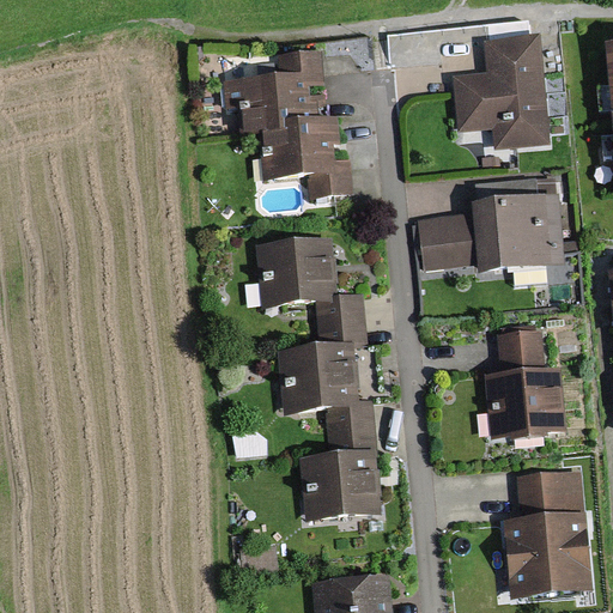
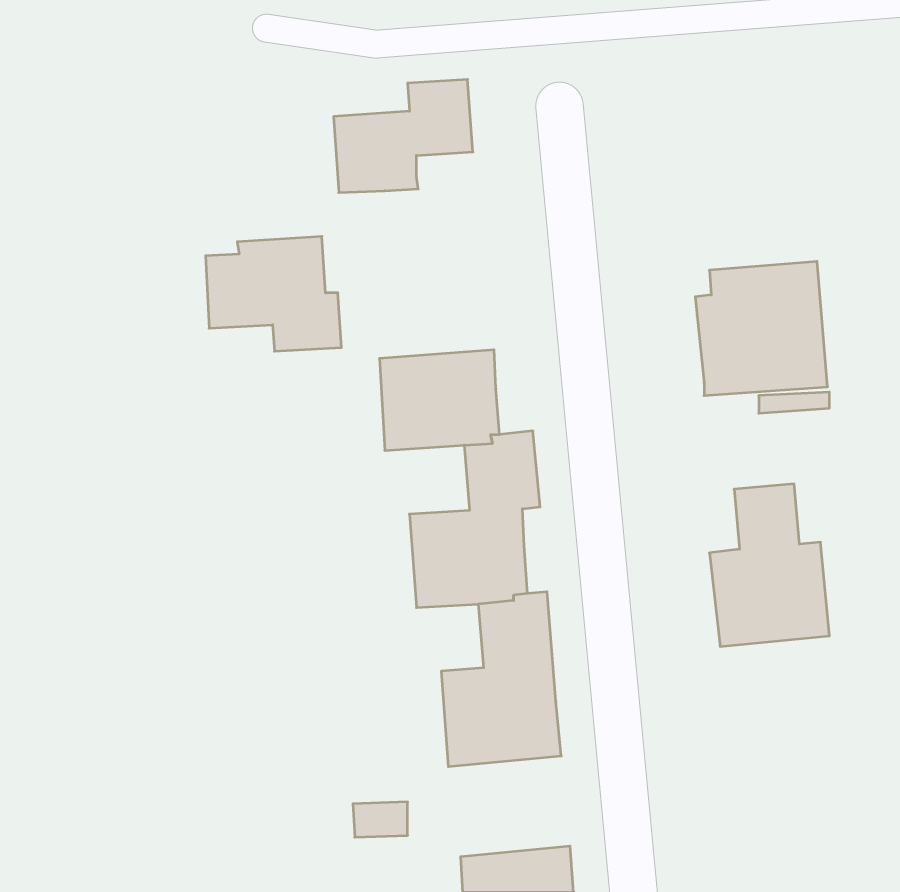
building: [455,35,547,146] -> none
building: [261,116,353,194] -> [206,236,341,351]
building: [420,214,478,266] -> none
building: [500,472,591,596] -> none

